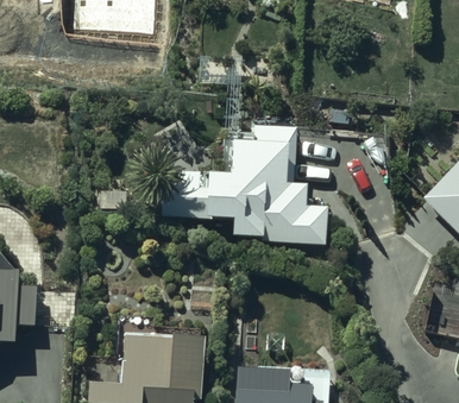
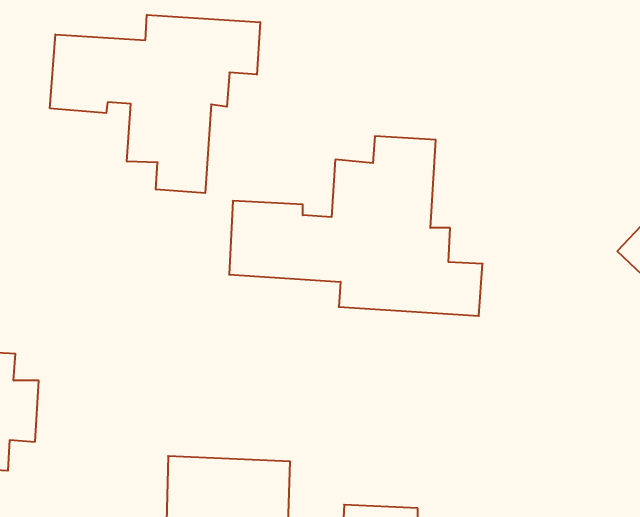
building: none -> [50,15,260,193]

